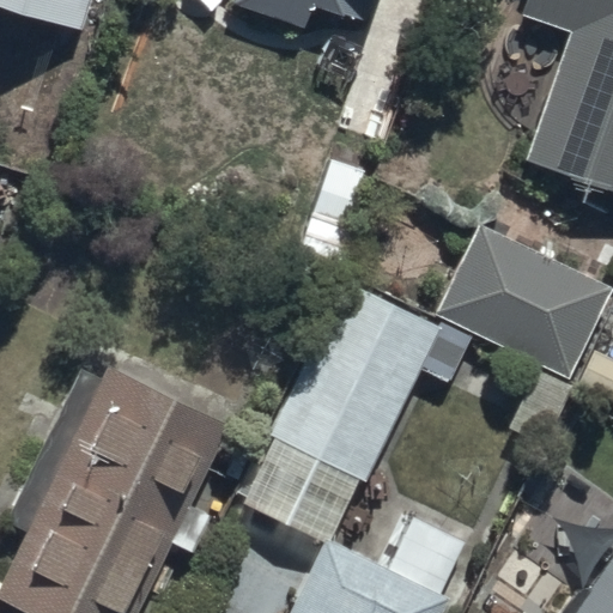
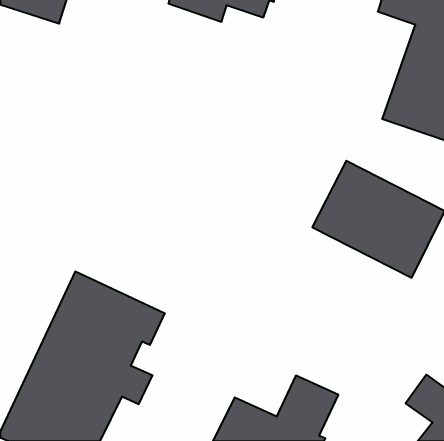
building: [256,285,438,542] -> none

